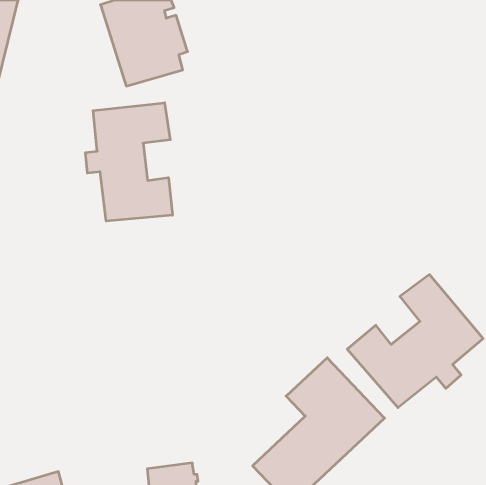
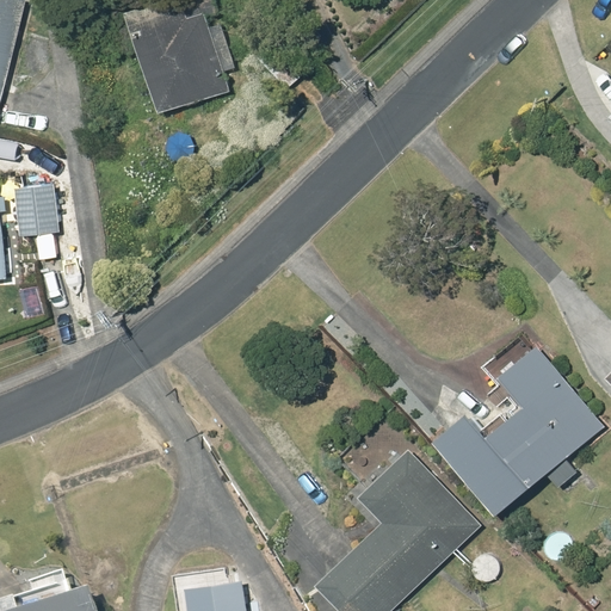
building: [86,103,172,221] -> none
building: none -> [13,185,57,236]

